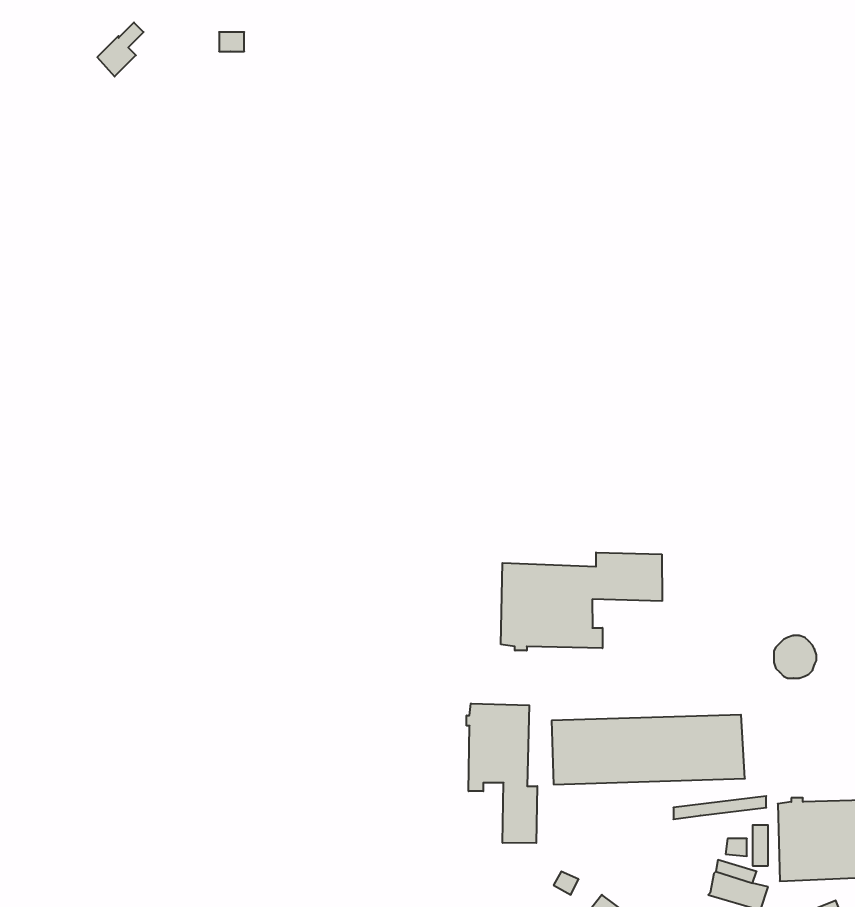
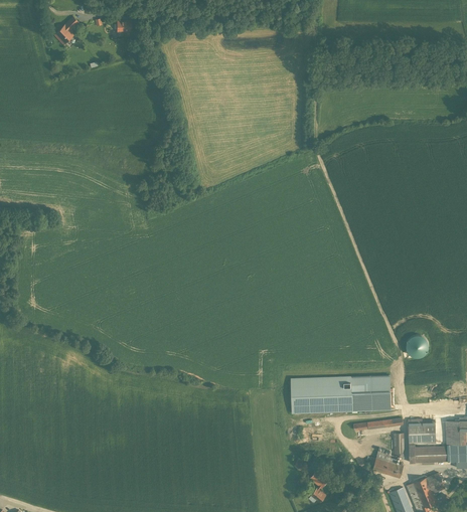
building: [501,552,662,651] -> none
building: [467,703,537,843] -> none

